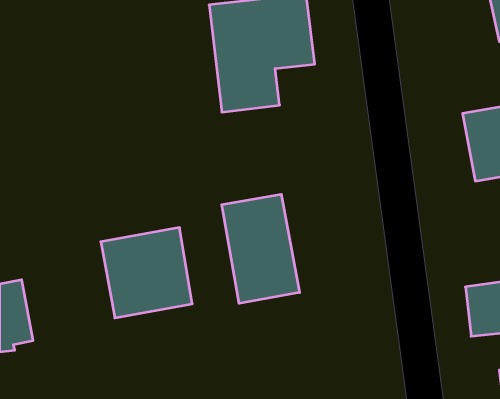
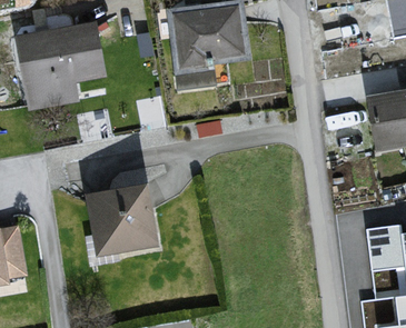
building: none -> [12,20,103,108]
building: [222,194,300,303] -> none

